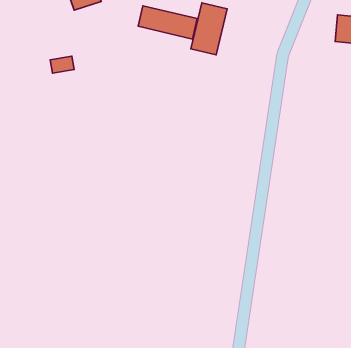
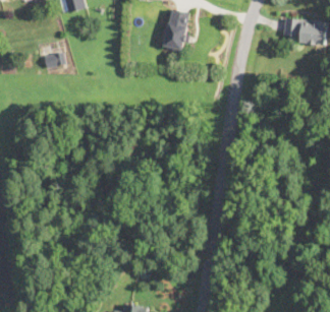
building: [138,6,197,39] -> none

